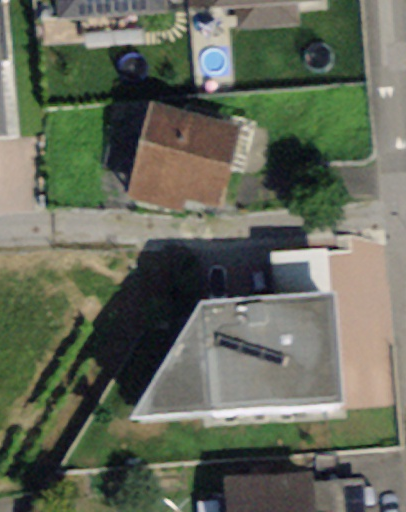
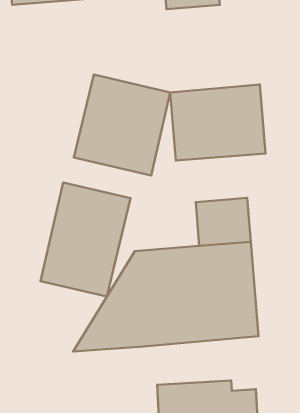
building: none -> [170,85,266,161]
building: none -> [40,183,130,296]

